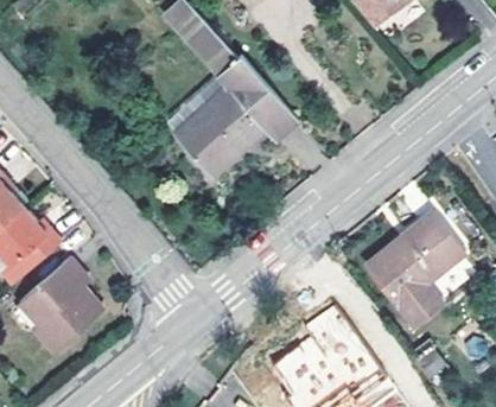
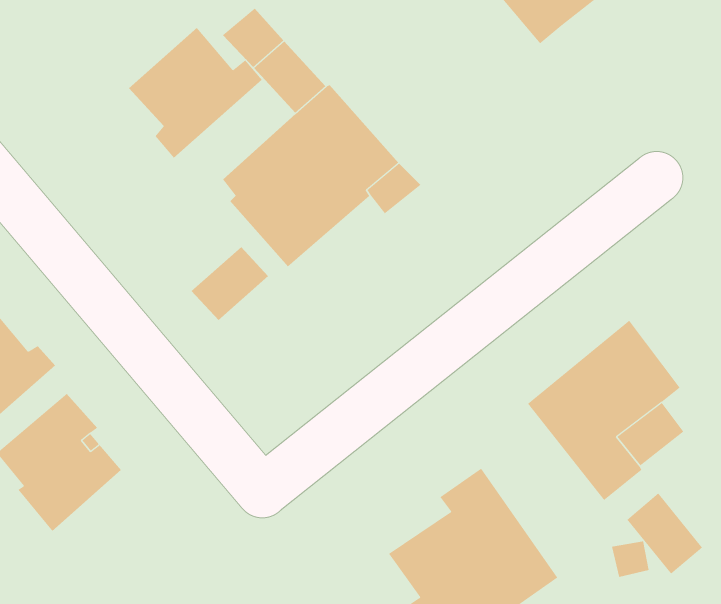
building: none -> [128,27,263,159]
building: none -> [191,246,269,321]
building: none -> [627,493,703,575]

